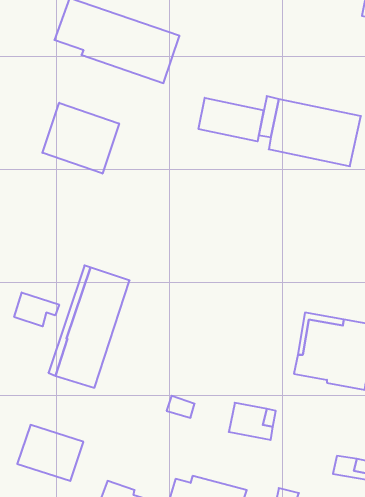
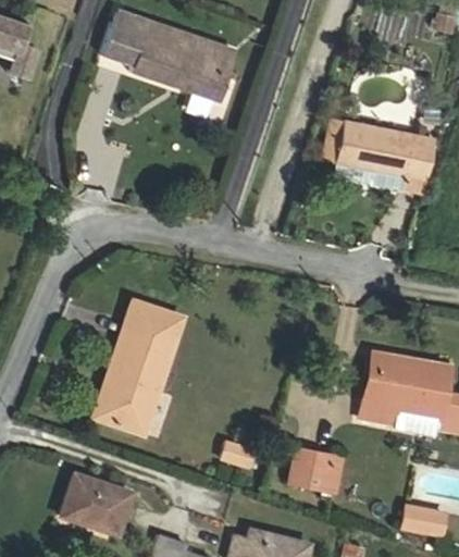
building: [199,98,264,141] -> none
building: [42,103,119,174] -> none
building: [14,292,59,326] -> none

